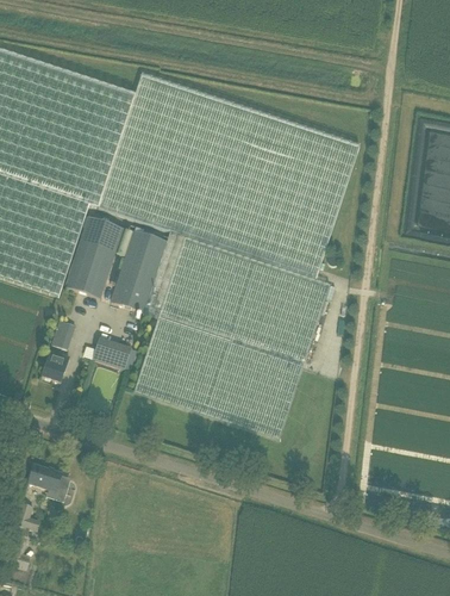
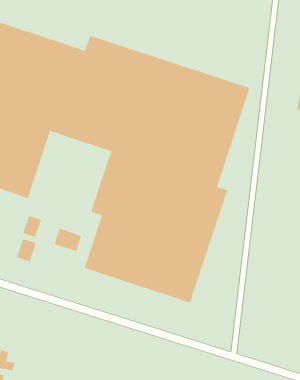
building: [65,216,123,297] -> none
building: [111,229,167,311] -> none
building: [29,464,70,495] -> none

